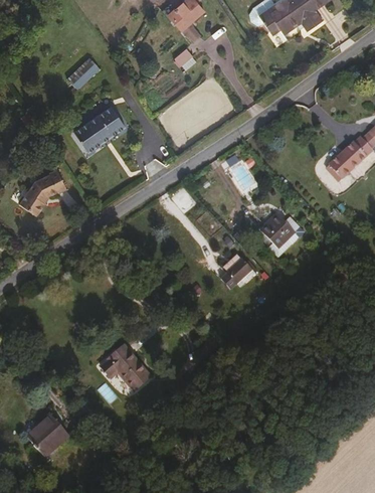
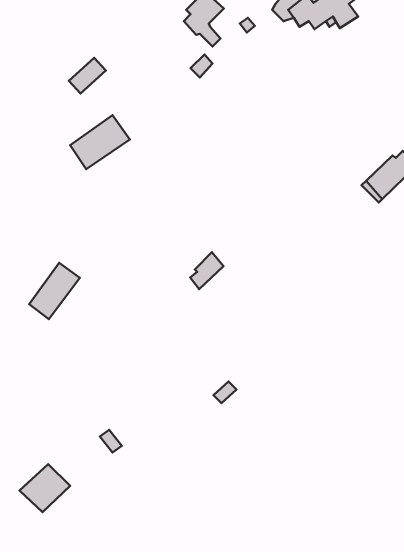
building: [18,166,62,215] -> [29,263,80,319]
building: [260,212,305,248] -> none
building: [221,257,250,289] -> [190,252,223,289]
building: [100,345,149,391] -> none

